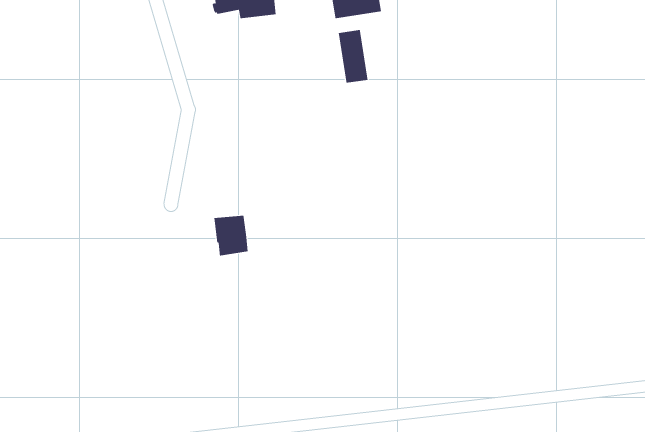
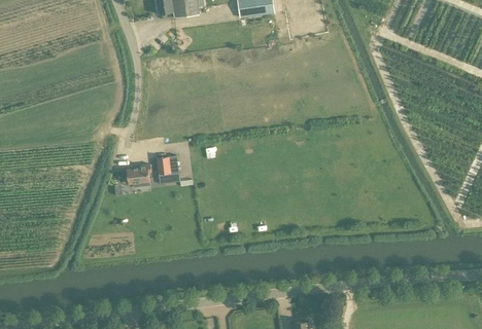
building: [338,29,368,84] -> none
building: none -> [126,164,151,187]

